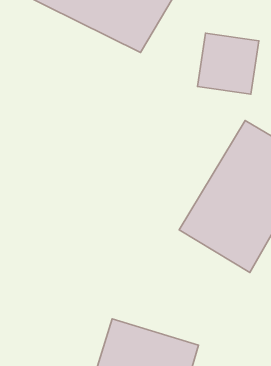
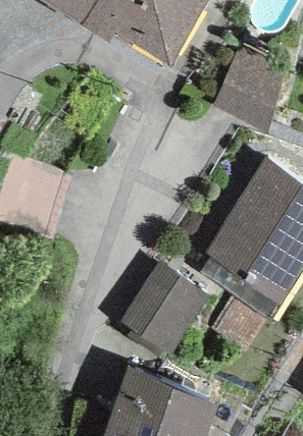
building: none -> [128,252,217,345]

